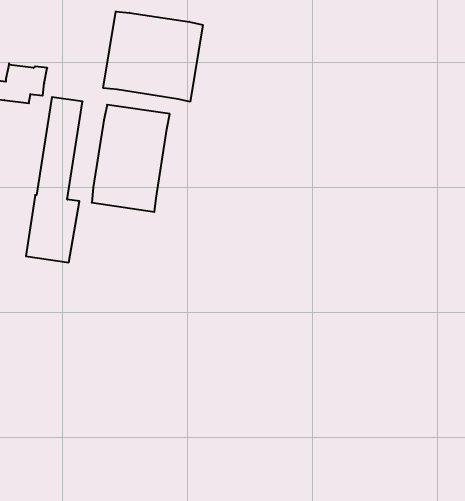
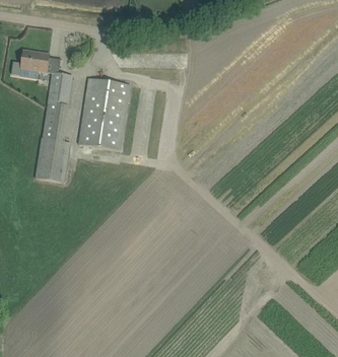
building: [103,11,203,102] -> none

